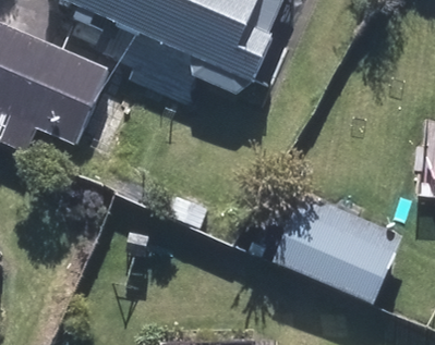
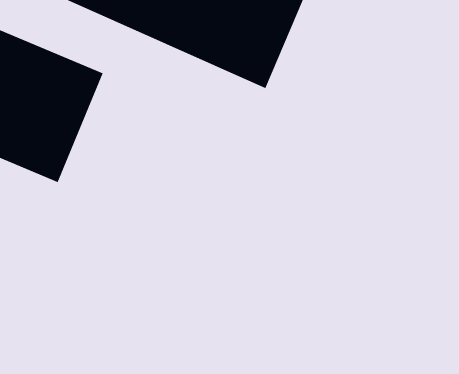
building: [263,188,400,304] -> none

